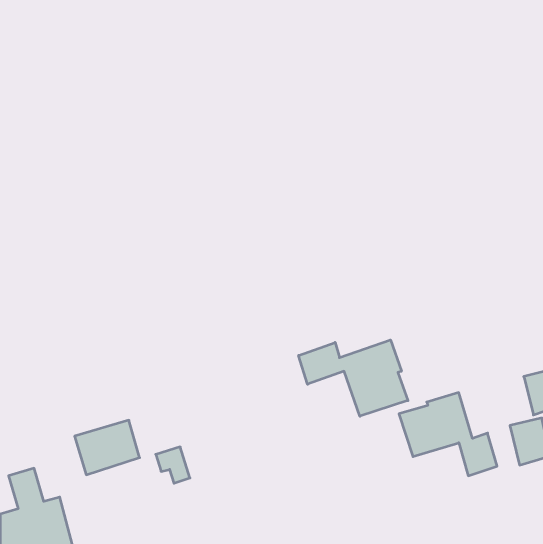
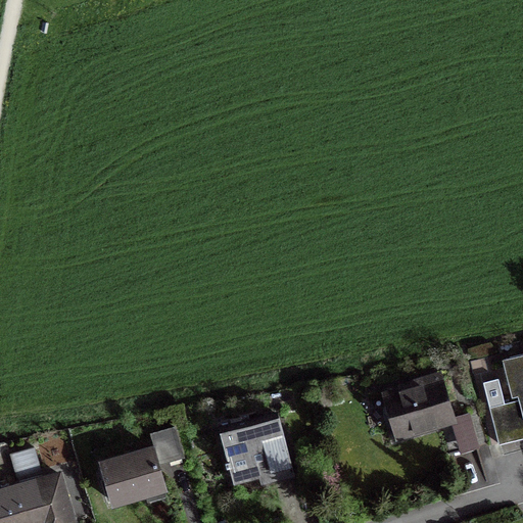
building: [299,340,408,416] -> none
building: [75,420,140,475] -> [102,451,164,504]
building: none -> [221,417,293,481]

